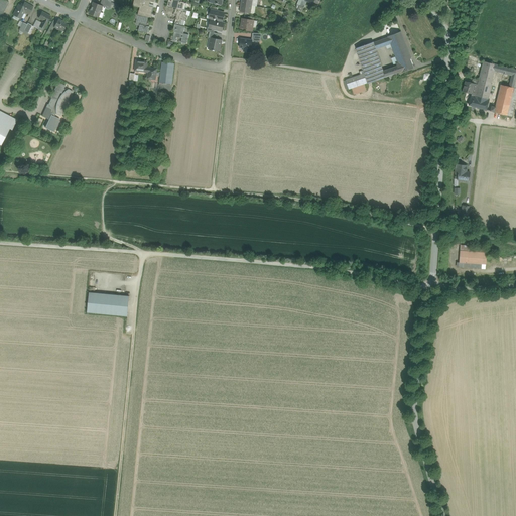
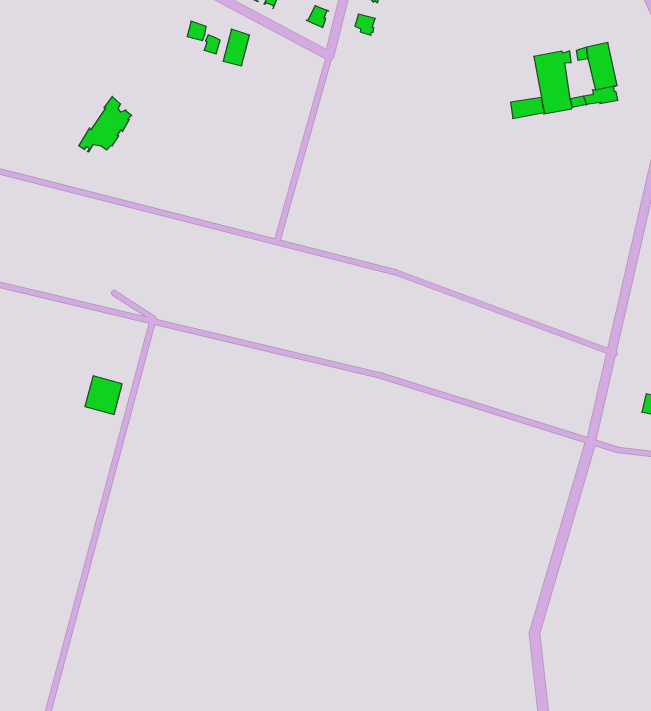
building: [41,81,72,118] -> [79,96,132,152]
building: [87,291,109,313] -> none

